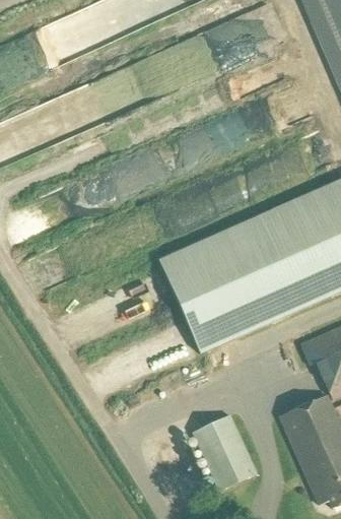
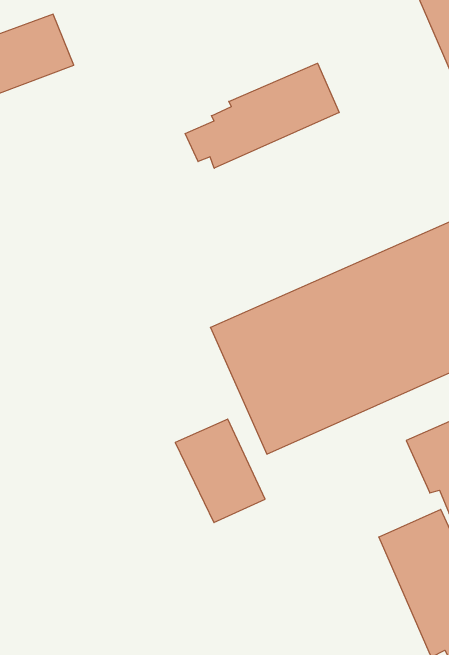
building: none -> [185,63,339,168]
building: [190,414,256,491] -> [175,419,265,523]

